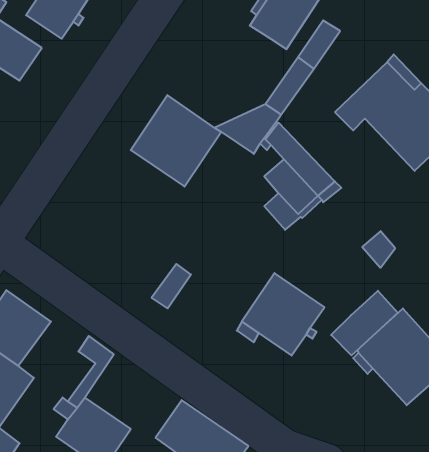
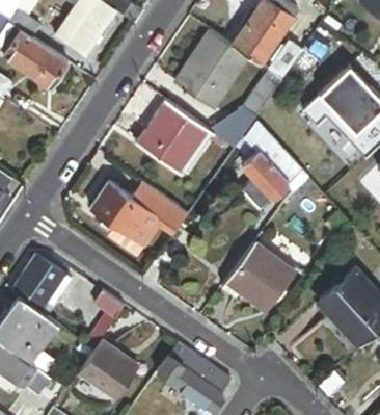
building: none -> [175,30,248,108]
building: none -> [90,180,188,245]
building: [331,291,398,355] -> none

